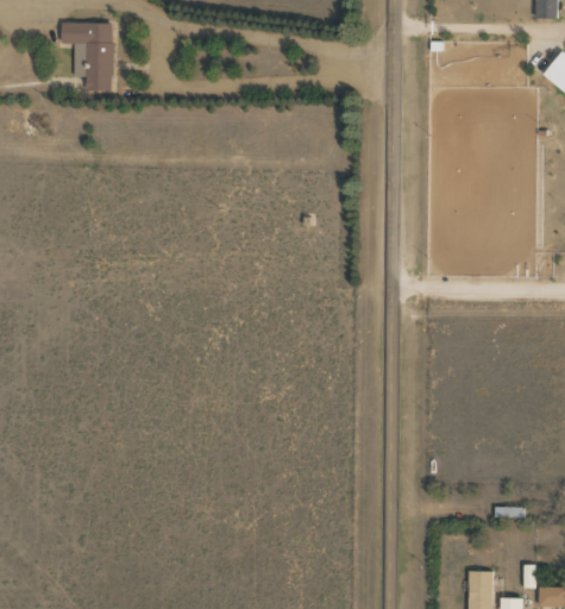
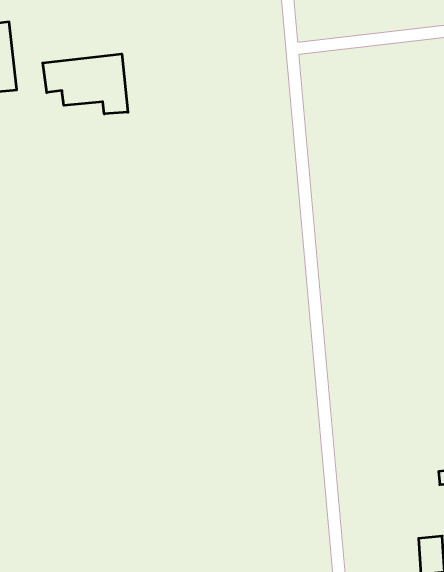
building: none -> [43,54,128,114]

